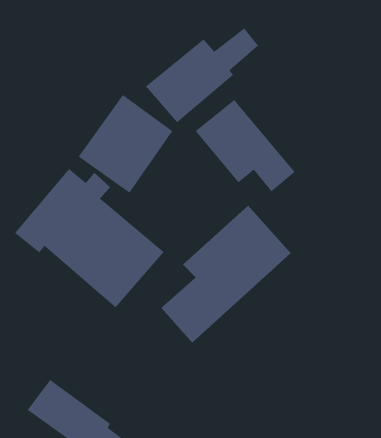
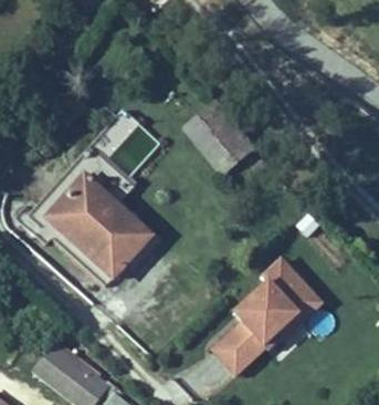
building: [145,28,259,123] -> none
building: [160,205,292,344] -> [210,250,324,371]

